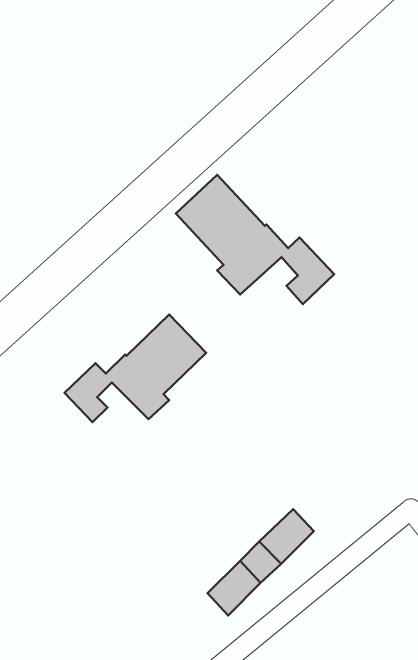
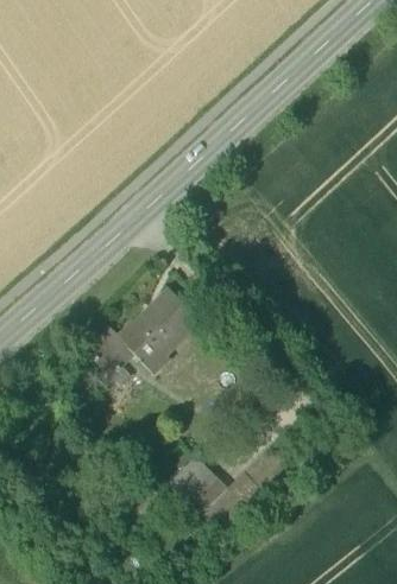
building: [176,175,334,304] -> none
building: none -> [170,455,212,496]

